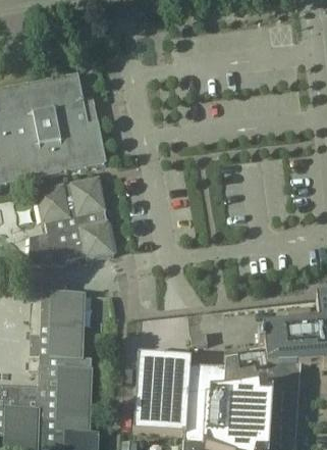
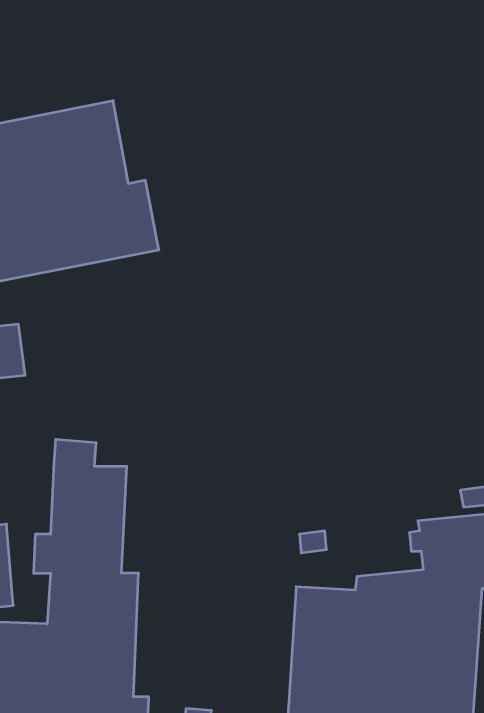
building: [29,173,114,262] -> none
building: [132,346,189,429] -> none

